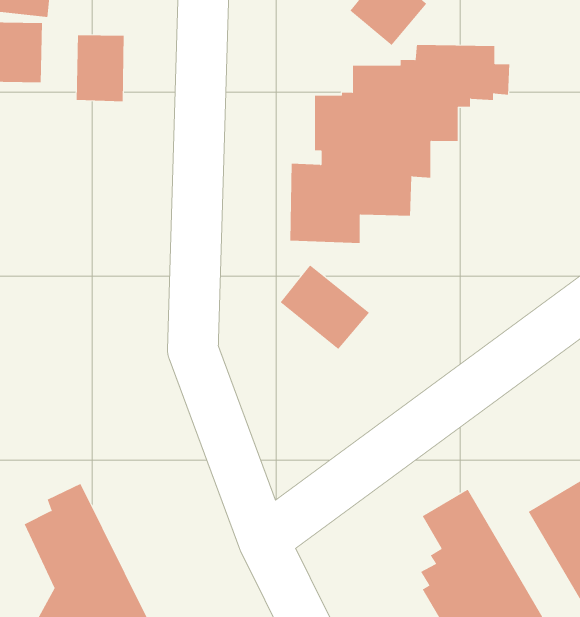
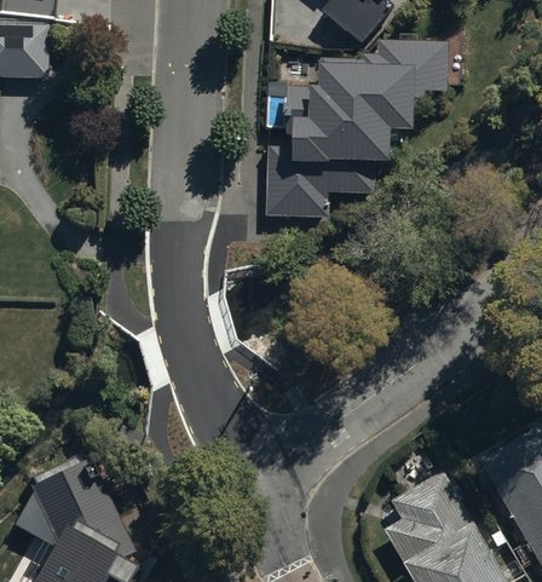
building: [76,35,124,102] -> none
building: [280,264,370,350] -> none

